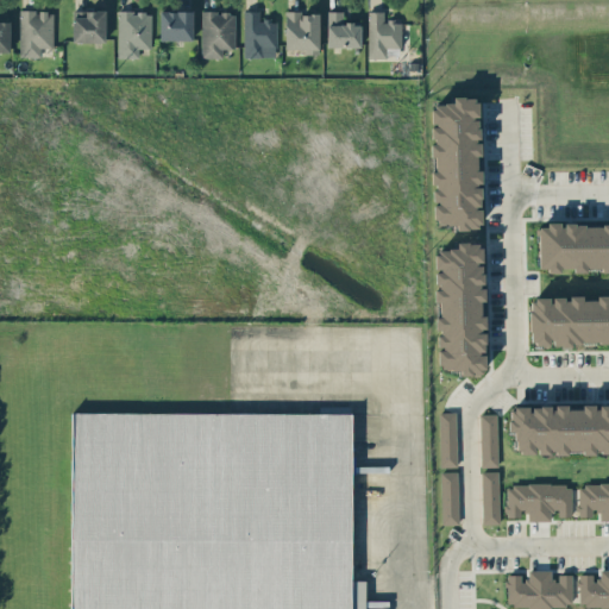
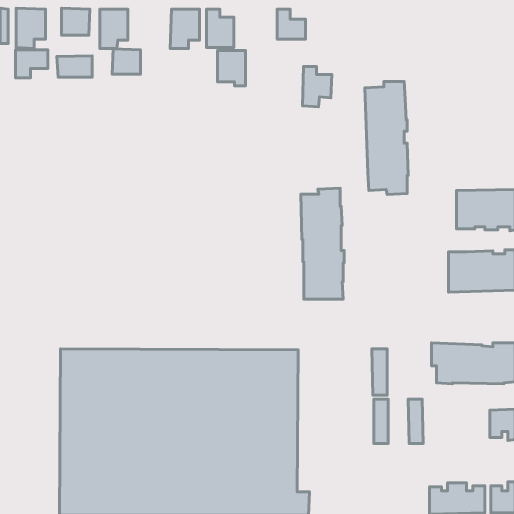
building: [161,11,194,40] -> [112,49,141,74]
building: [369,12,403,59] -> [302,66,332,107]
building: [287,13,320,55] -> [217,51,246,86]
building: none -> [15,50,48,78]
building: none -> [57,56,92,77]
building: [437,243,488,373] -> [301,188,344,299]
building: [482,414,500,467] -> none
building: [507,484,572,522] -> none

